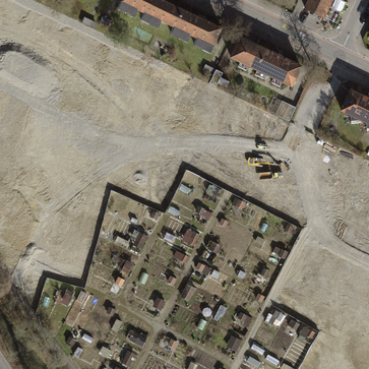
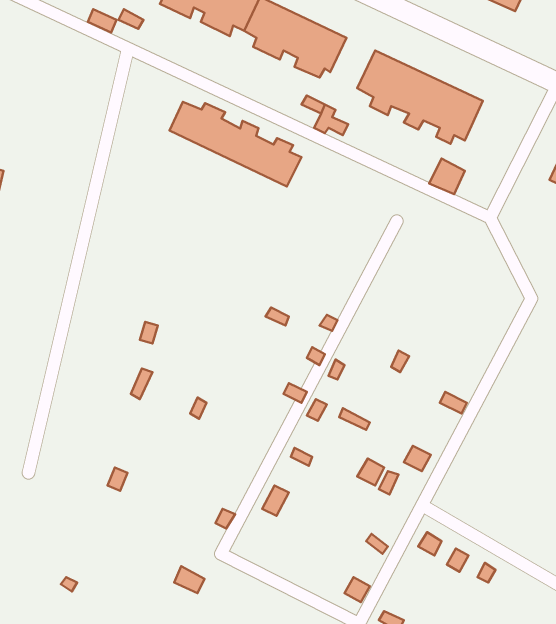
building: none -> [170,102,302,187]

